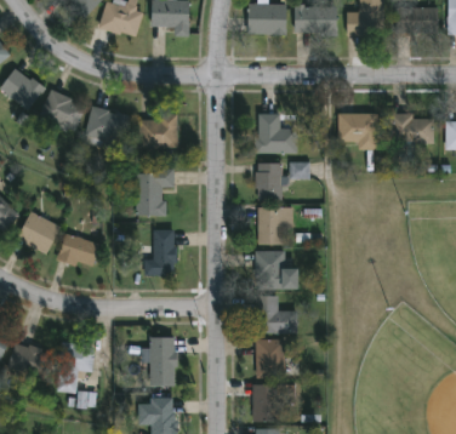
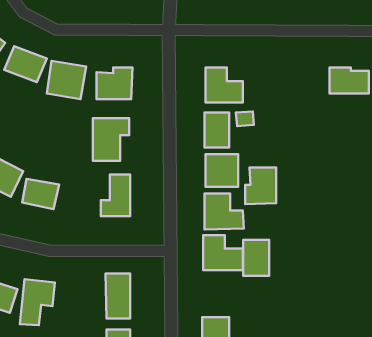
building: [337,113,376,149] -> none
building: none -> [245,168,276,204]
building: [256,338,284,377] -> [243,240,269,276]

